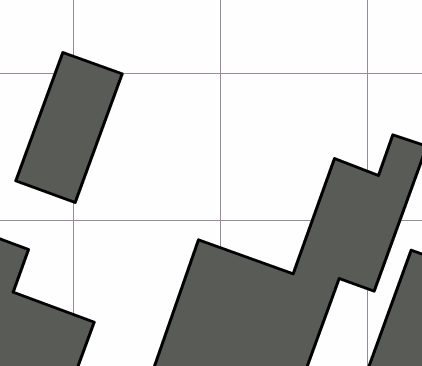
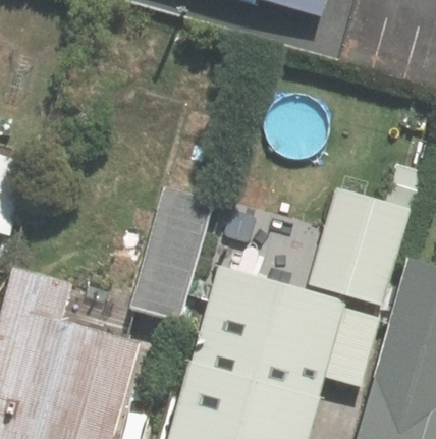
building: [16,52,122,202] -> [123,183,212,318]

